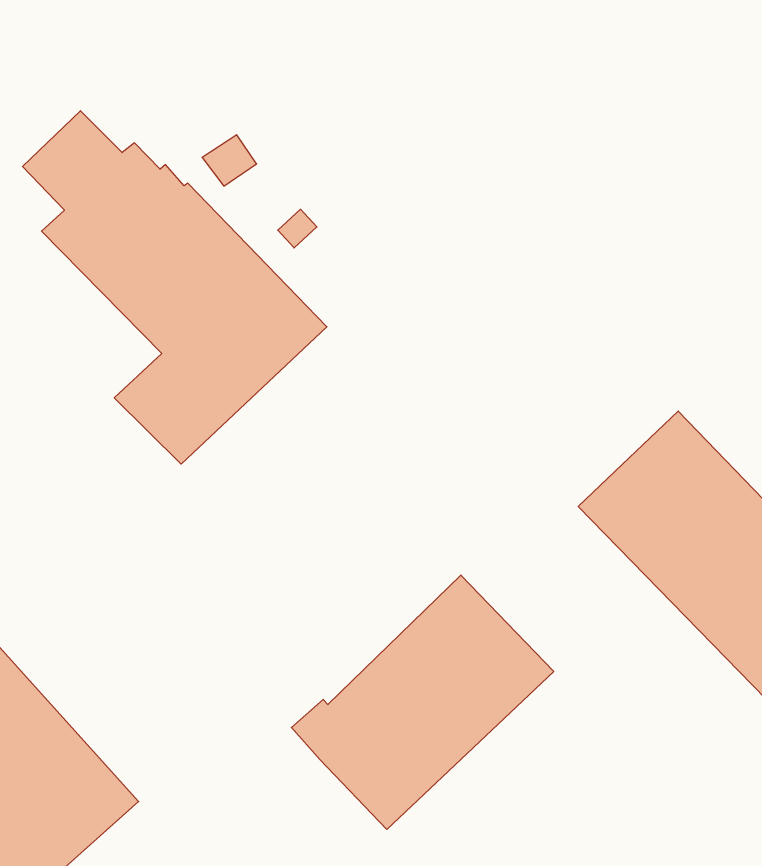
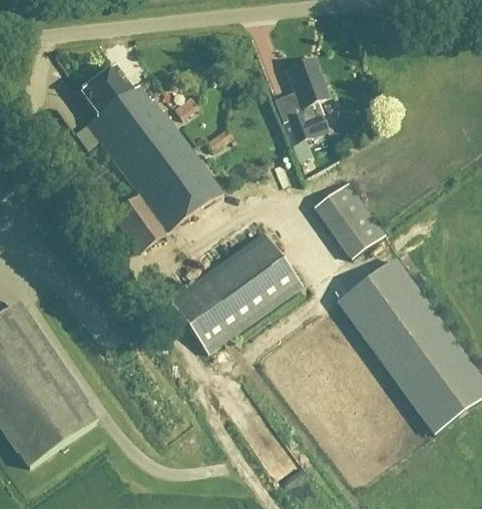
building: none -> [285,57,329,142]
building: none -> [315,175,379,244]
building: [291,575,554,829] -> [166,231,303,355]

